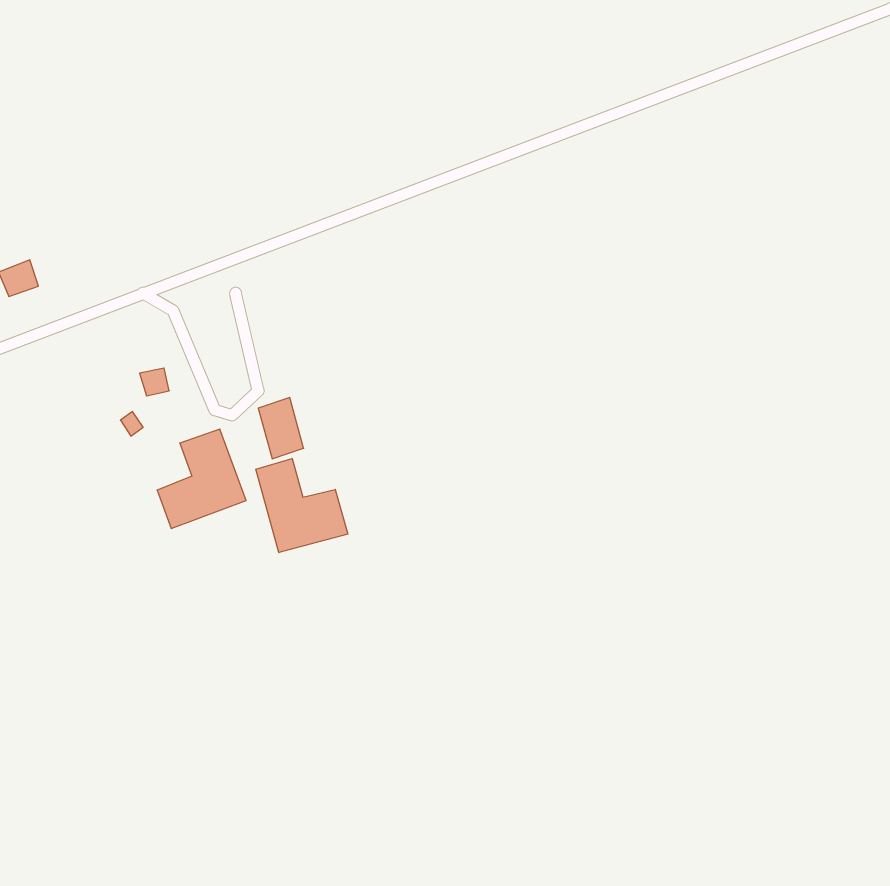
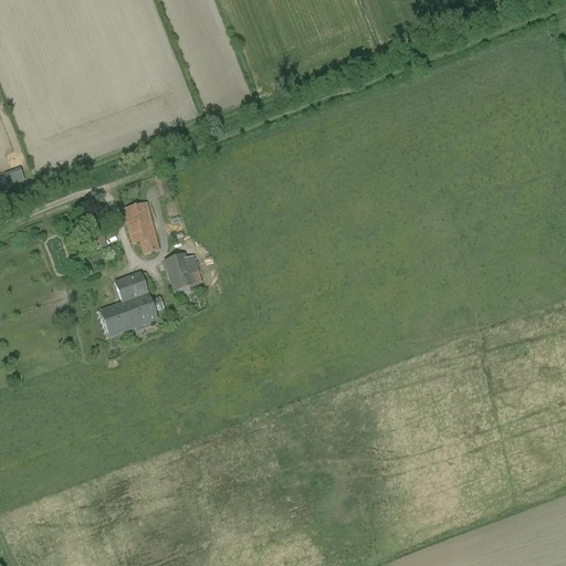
building: none -> [129,201,158,252]
building: [256,458,348,553] -> none

